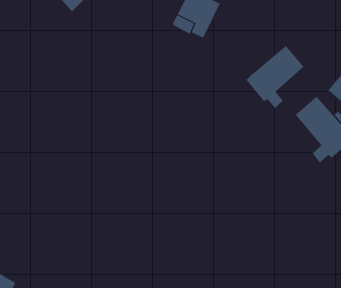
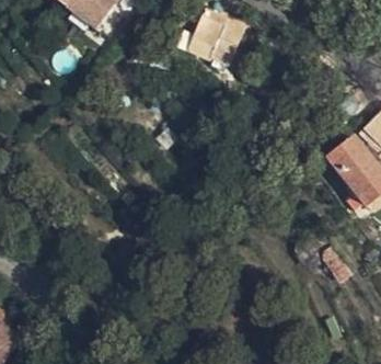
building: [246,45,304,109] -> none

